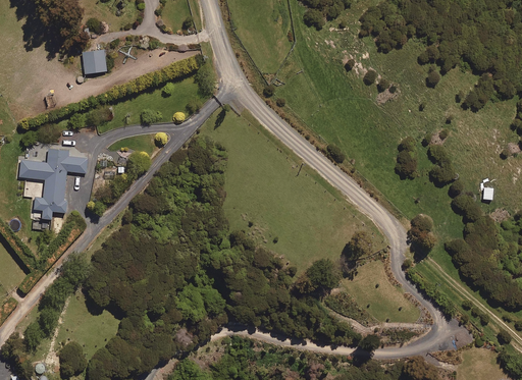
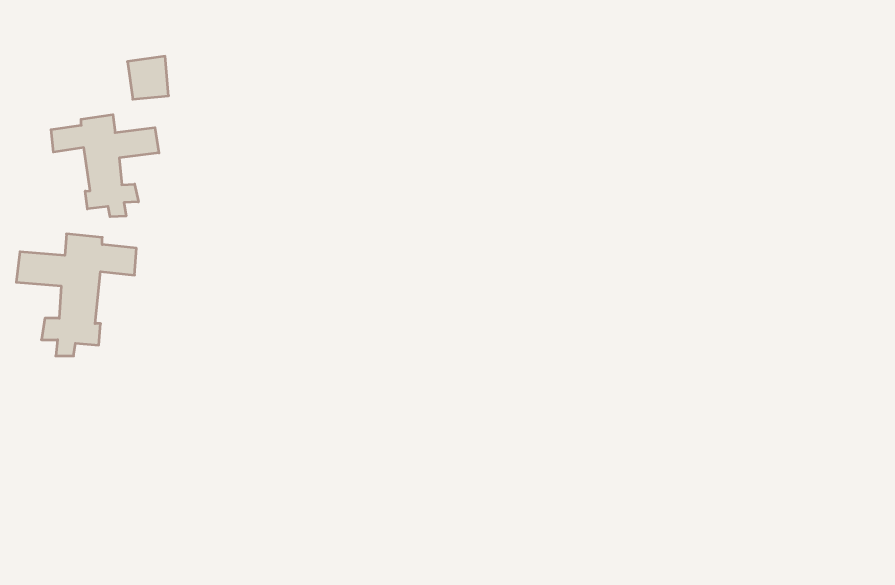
building: none -> [51,115,159,217]

